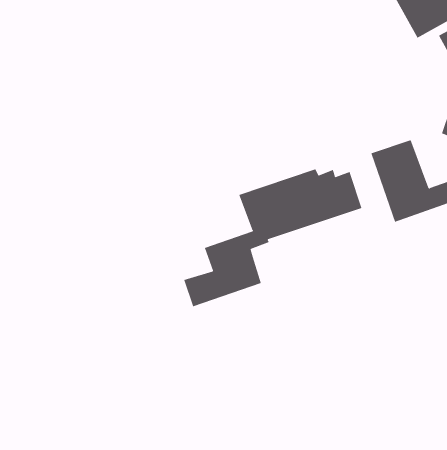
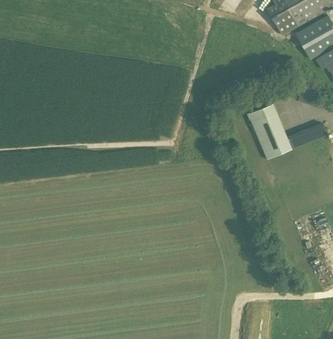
building: [184,169,362,307] -> none

